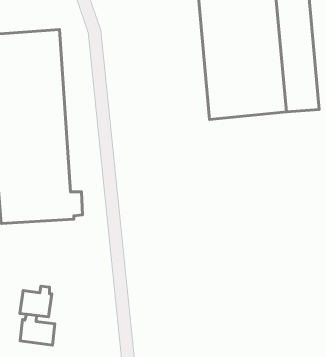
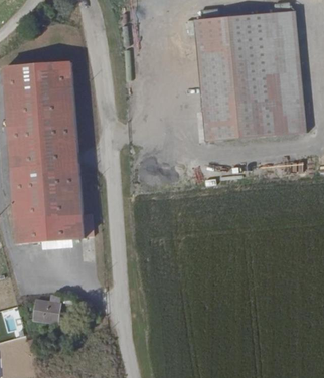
building: [20,314,55,345] -> none

